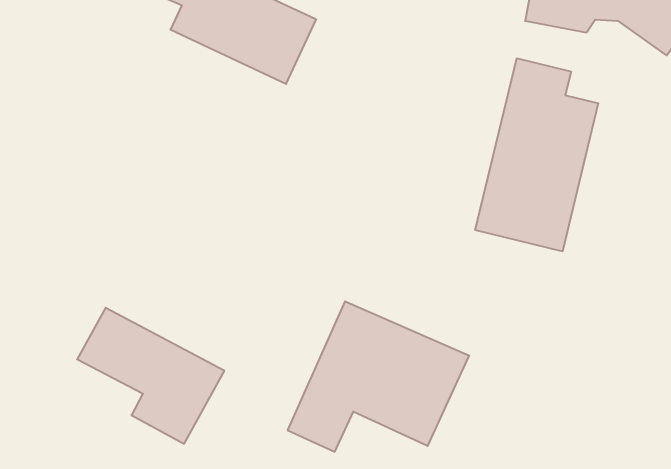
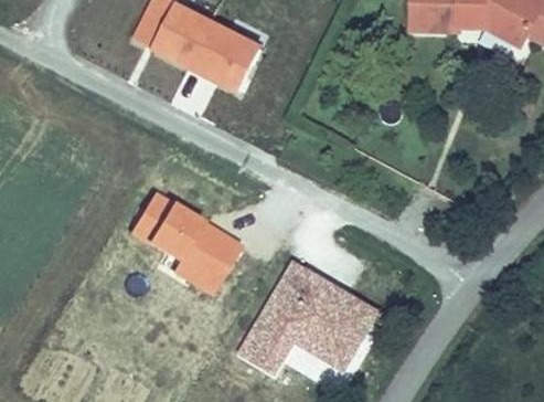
building: [475,58,598,251] -> none
building: [77,308,224,444] -> [127,190,241,295]

